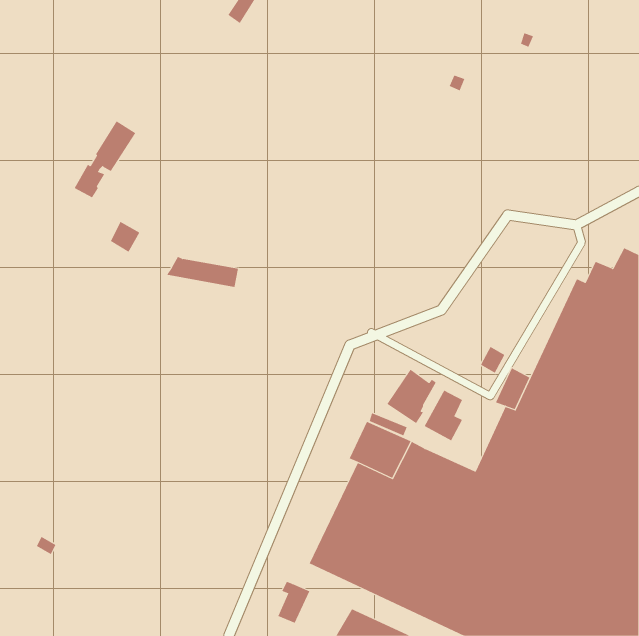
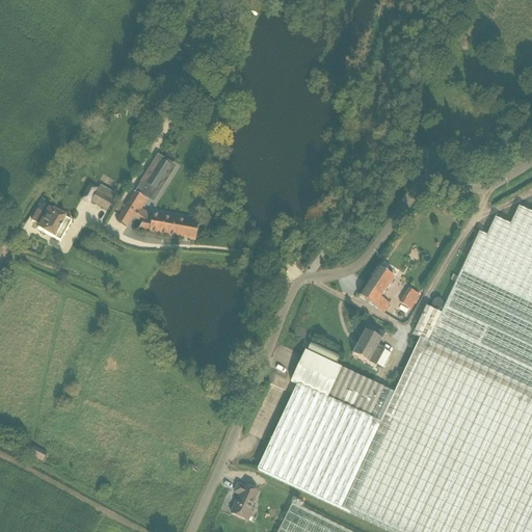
building: [74,121,136,198] -> [122,154,174,218]
building: none -> [31,207,66,238]
building: [386,369,436,424] -> [358,266,400,312]

